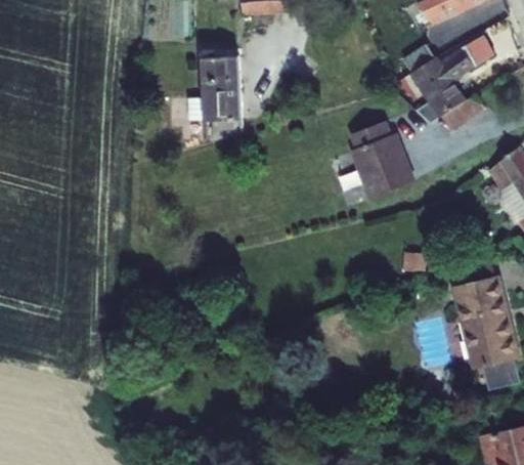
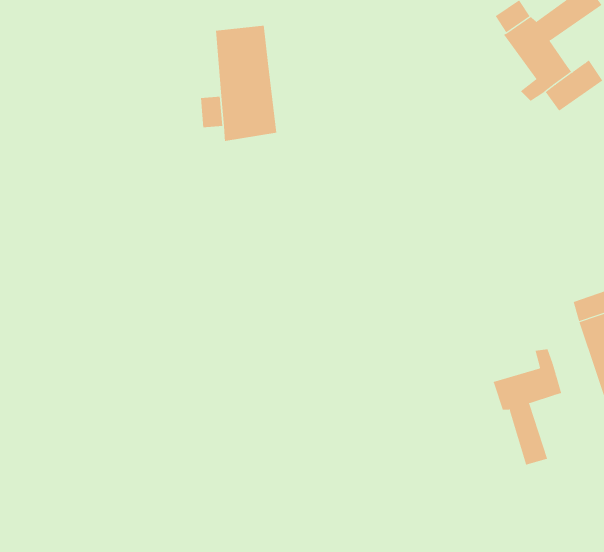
building: [352,121,416,199] -> none
building: none -> [493,349,562,465]

